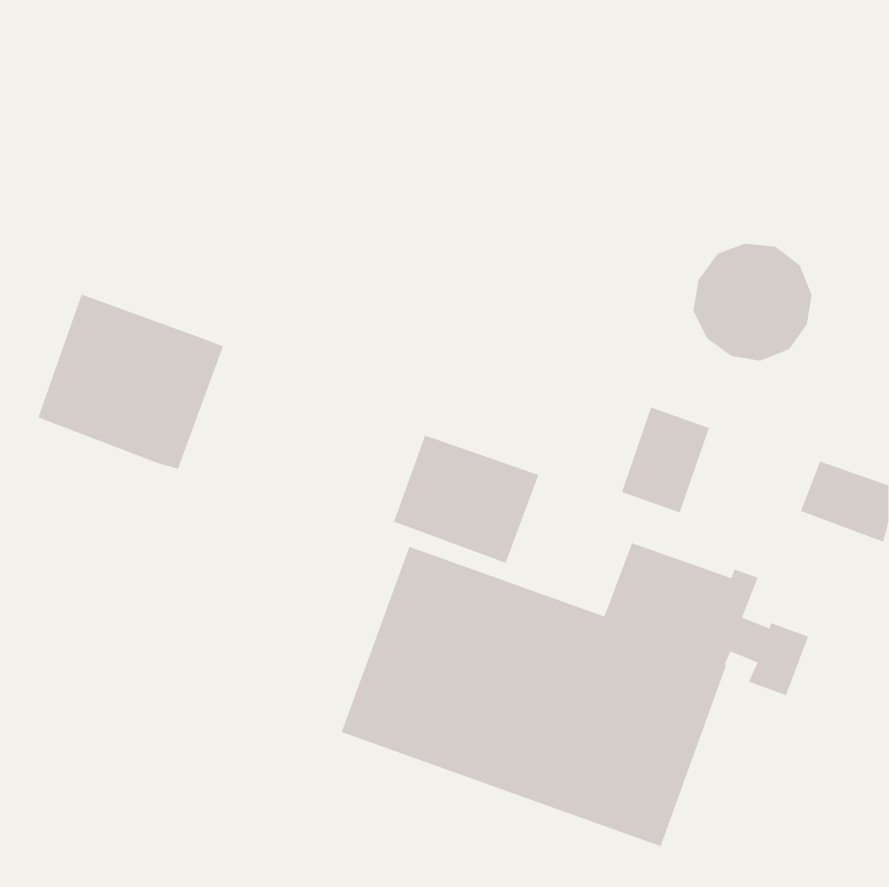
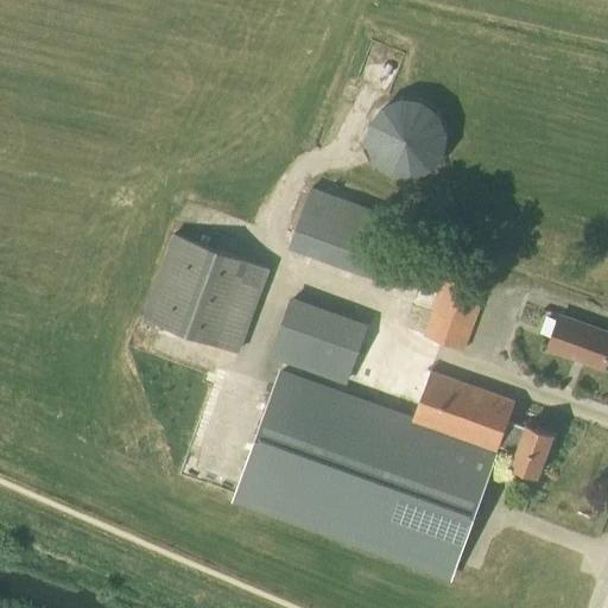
building: [693,243,813,361] -> [366,99,448,179]
building: none -> [287,188,401,283]
building: [38,294,224,470] -> [142,234,270,354]

